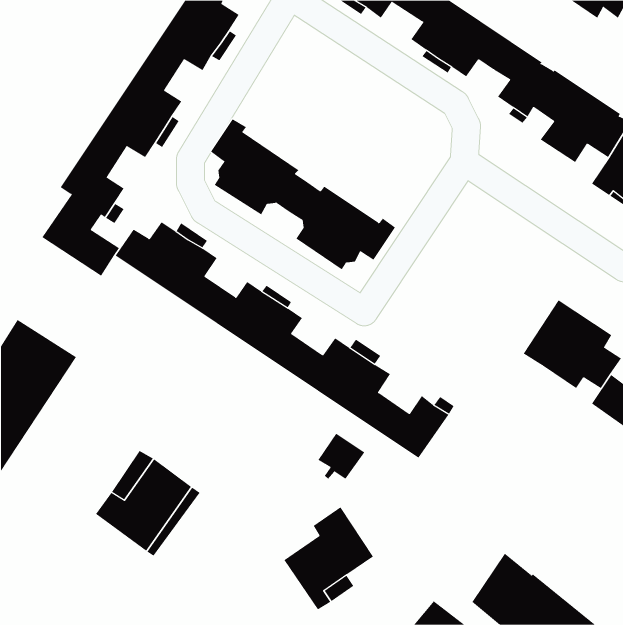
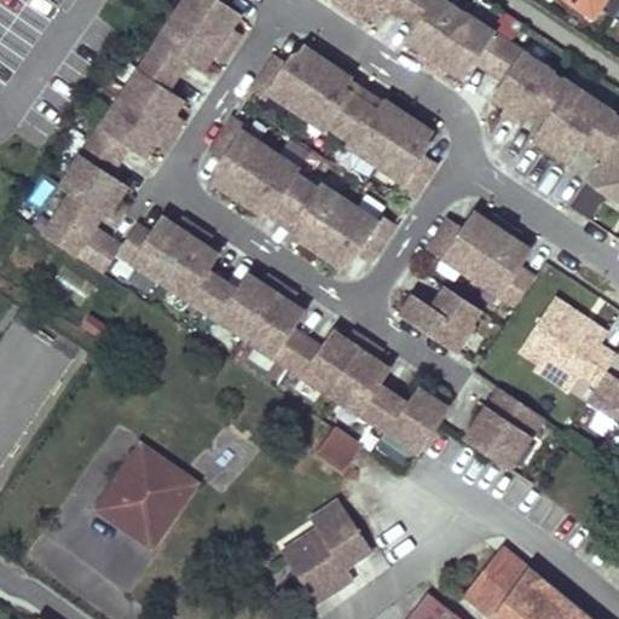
building: none -> [250,45,435,195]
building: none -> [429,210,534,303]
building: none -> [401,288,480,351]
building: none -> [465,387,543,468]

